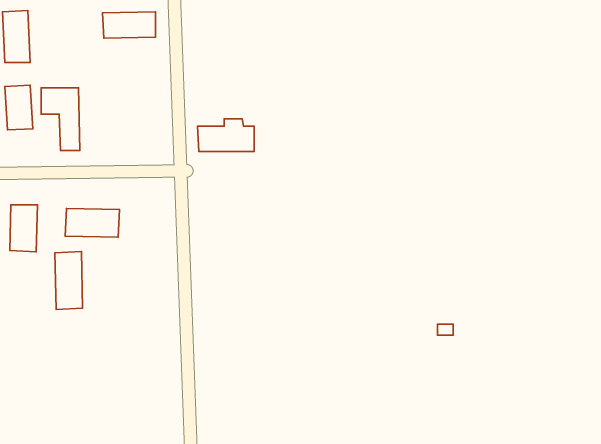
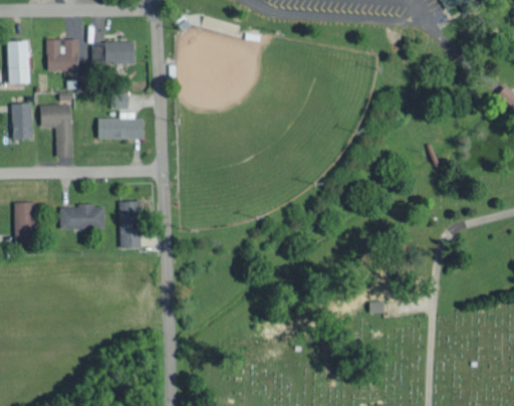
building: none -> [46,39,78,70]
building: [198,119,254,152] -> [97,112,145,139]
building: [55,252,83,309] -> [118,200,142,248]

